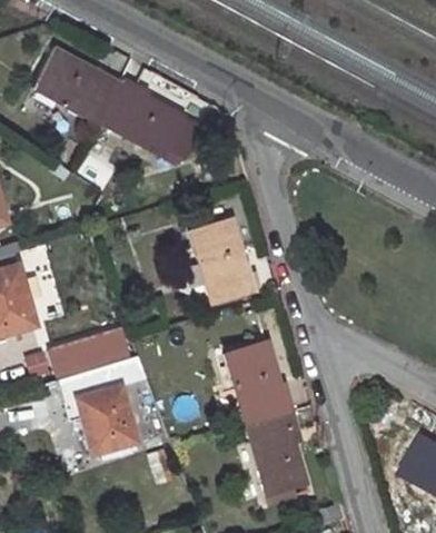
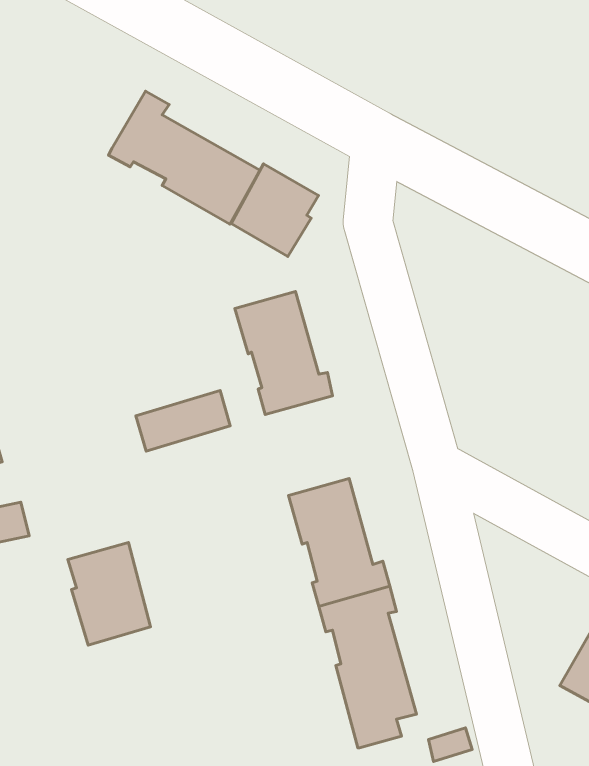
building: [41,53,131,126] -> none
building: none -> [231,164,319,257]
building: [52,334,115,374] -> [136,391,230,451]

